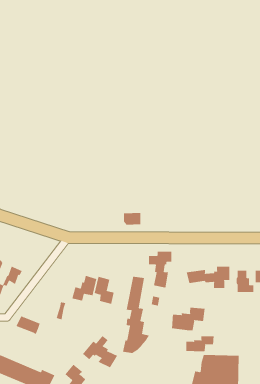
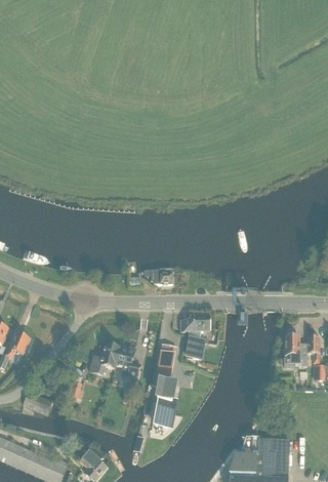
building: [186,266,230,289] -> none
building: [171,307,205,331] -> none
building: [82,335,118,368] -> none
building: [186,335,214,352] -> none

